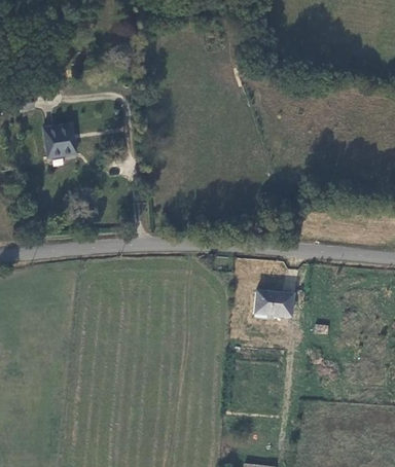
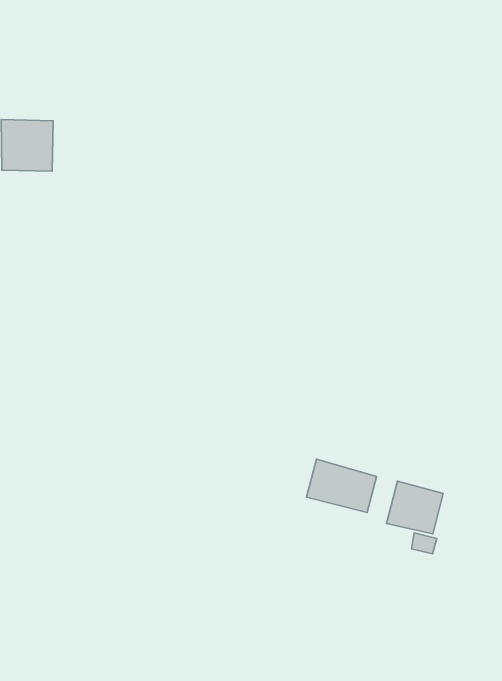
building: none -> [386,481,443,534]

